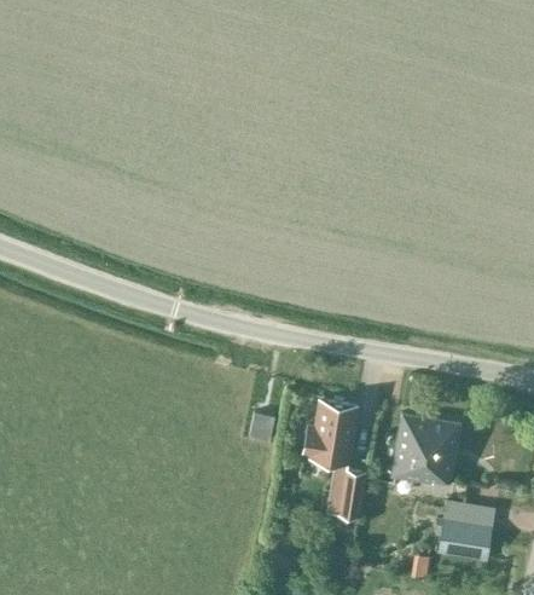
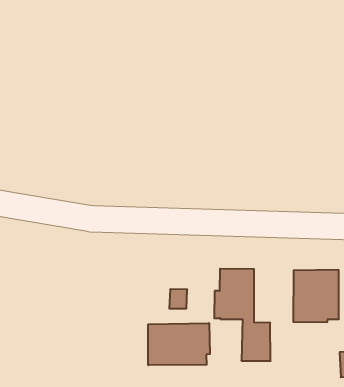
building: none -> [148,323,210,365]

